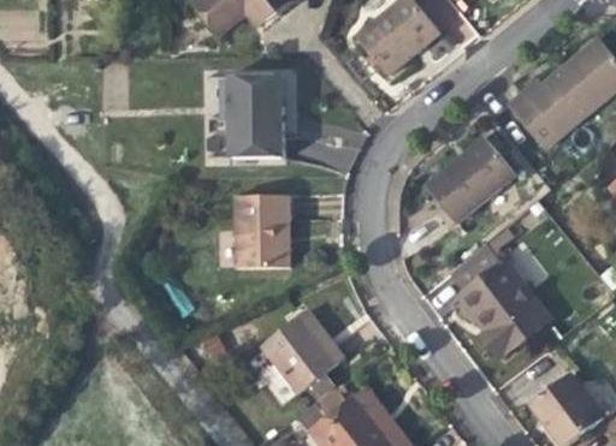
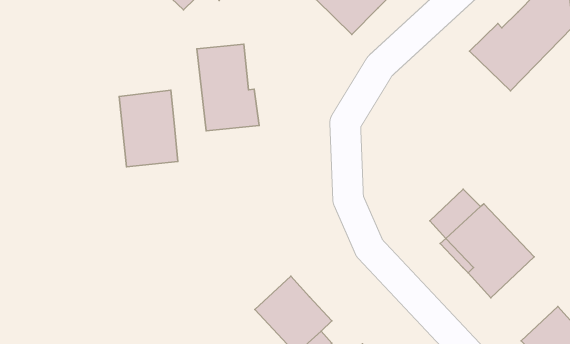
building: [425,136,515,221] -> none
building: [236,194,289,267] -> [119,90,178,167]

